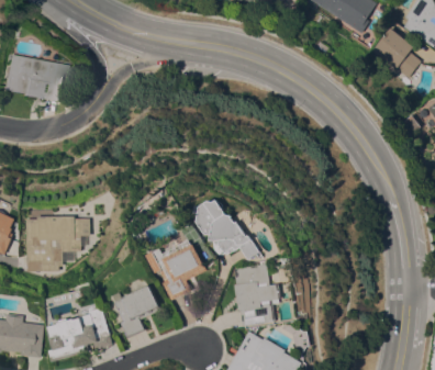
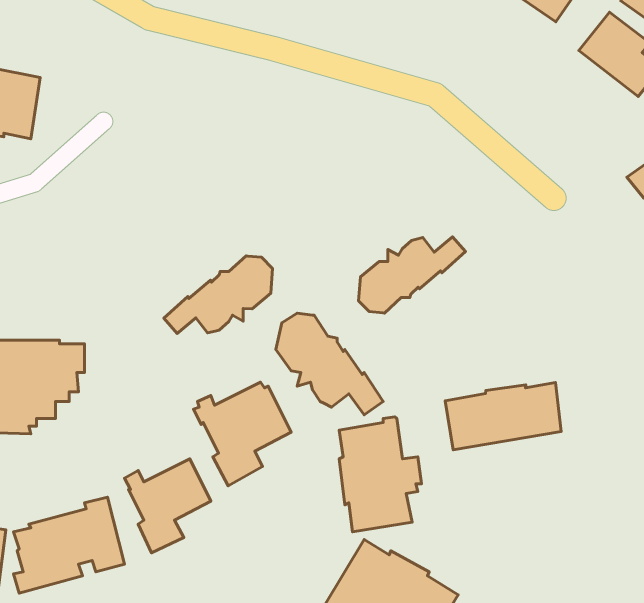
building: none -> [359,237,465,313]
building: none -> [164,256,273,333]
building: none -> [445,383,561,450]

